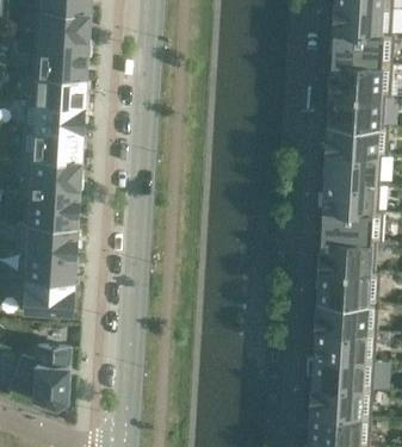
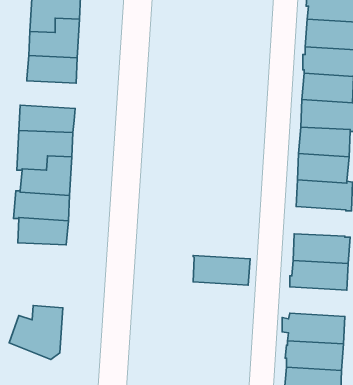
building: [23,103,84,135] -> none
building: [320,241,376,273] -> none
building: [18,280,73,315] -> none
building: [315,328,377,360] -> [193,255,250,285]

